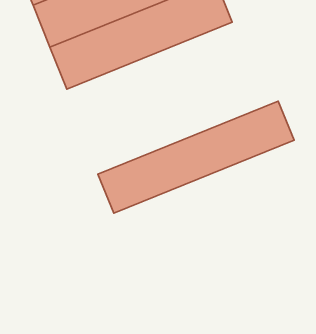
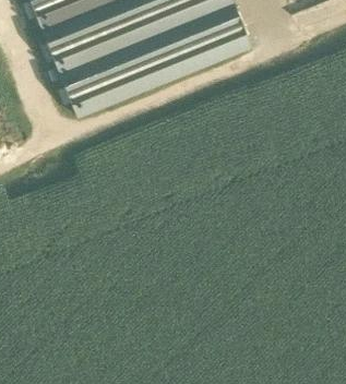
building: [98,101,294,213] -> none

